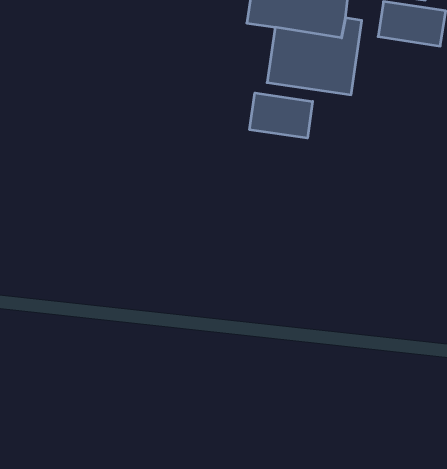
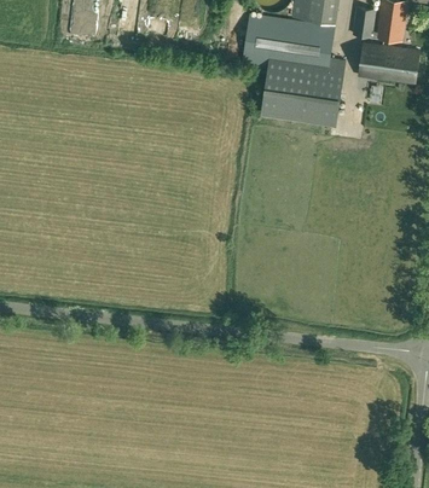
building: [250,93,313,138] -> none

